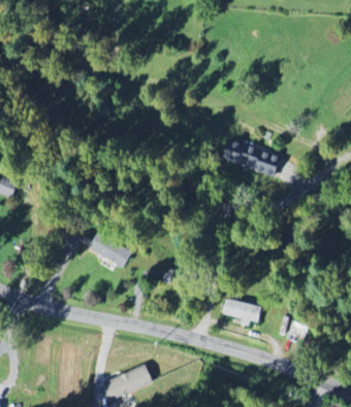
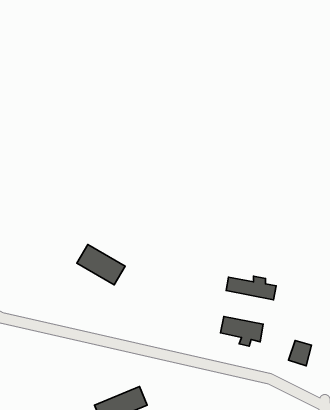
building: [221,140,281,176] -> none
building: none -> [226,276,276,300]

